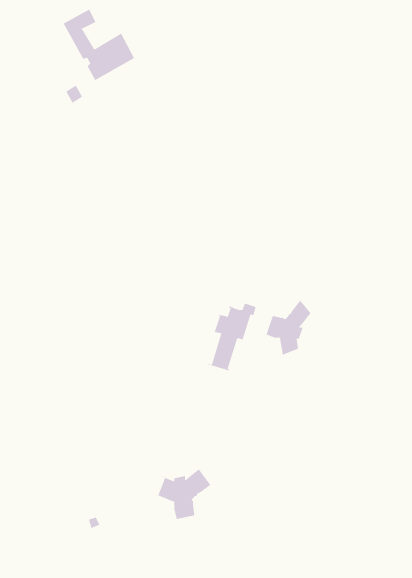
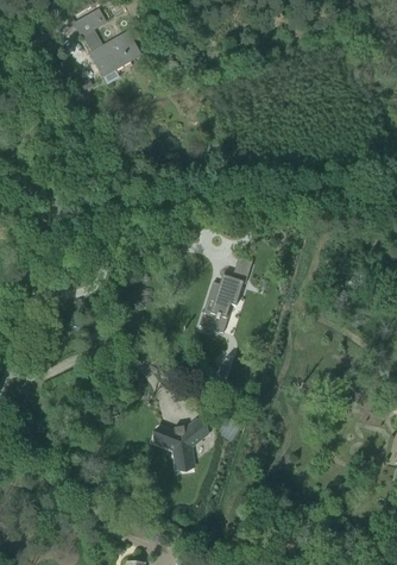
building: [266,300,311,356] -> none

